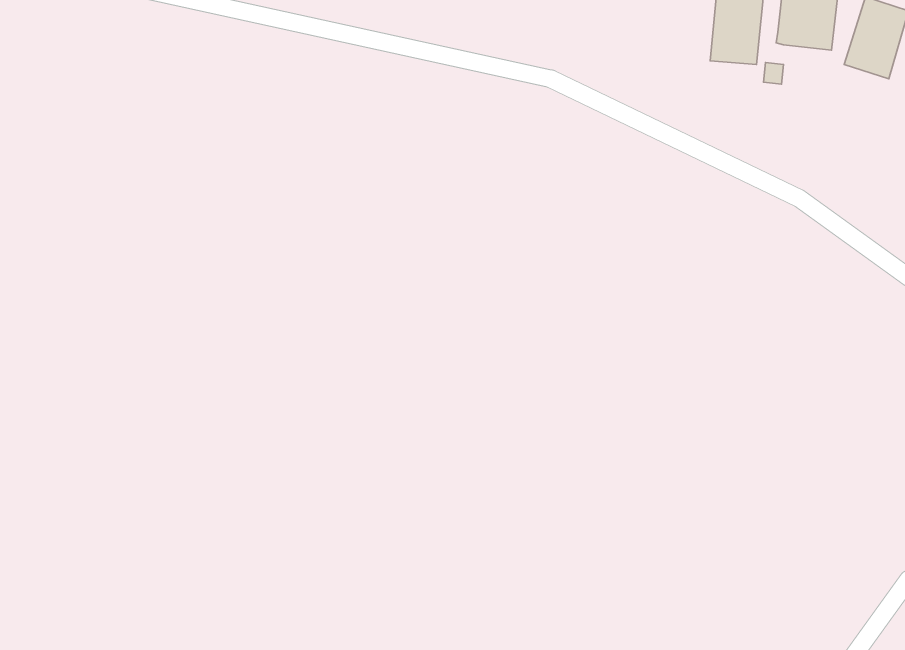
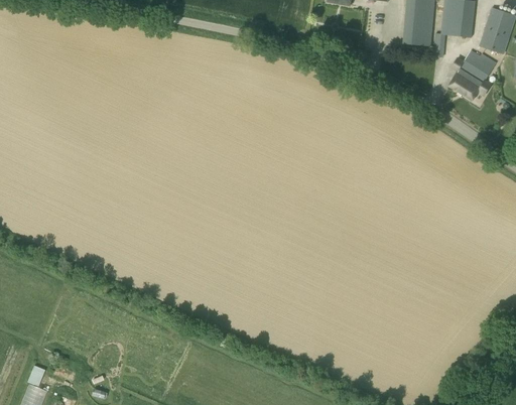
building: none -> [448,50,495,100]

